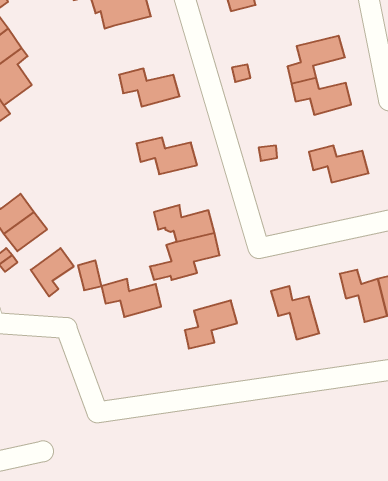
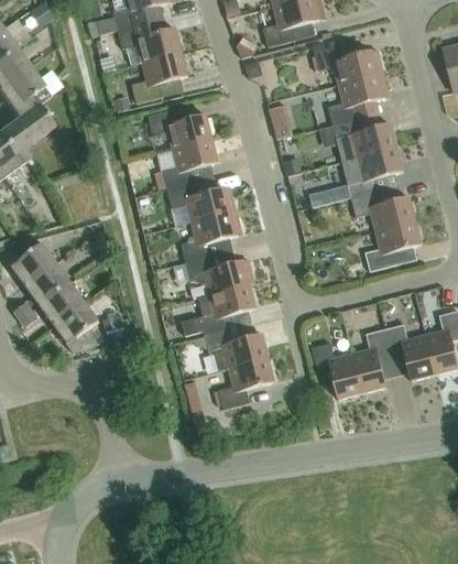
building: none -> [314,44,383,84]
building: none -> [131,52,188,102]
building: none -> [162,138,218,188]
building: none -> [346,147,403,197]
building: none -> [181,212,237,262]
building: none -> [364,220,421,271]
building: none -> [39,281,85,324]
building: none -> [351,328,391,392]
building: [102,279,161,317] -> [204,327,268,368]

